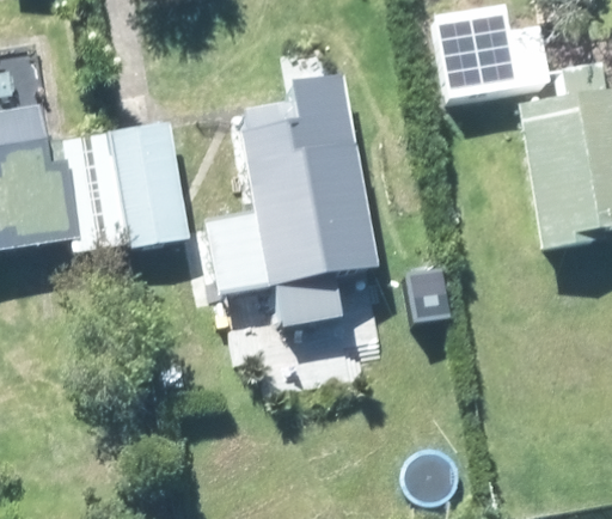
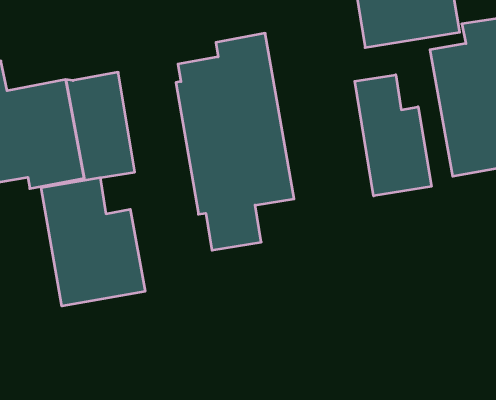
building: none -> [355,75,431,196]
building: none -> [41,178,145,306]

